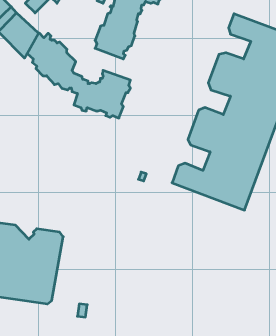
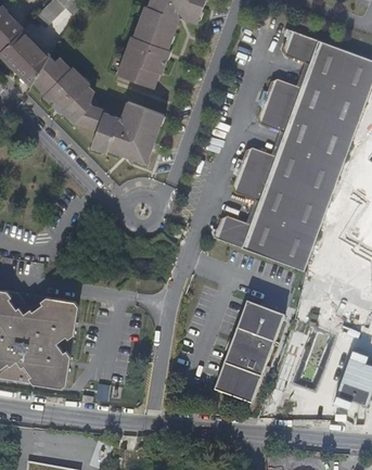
building: none -> [214,302,282,404]

